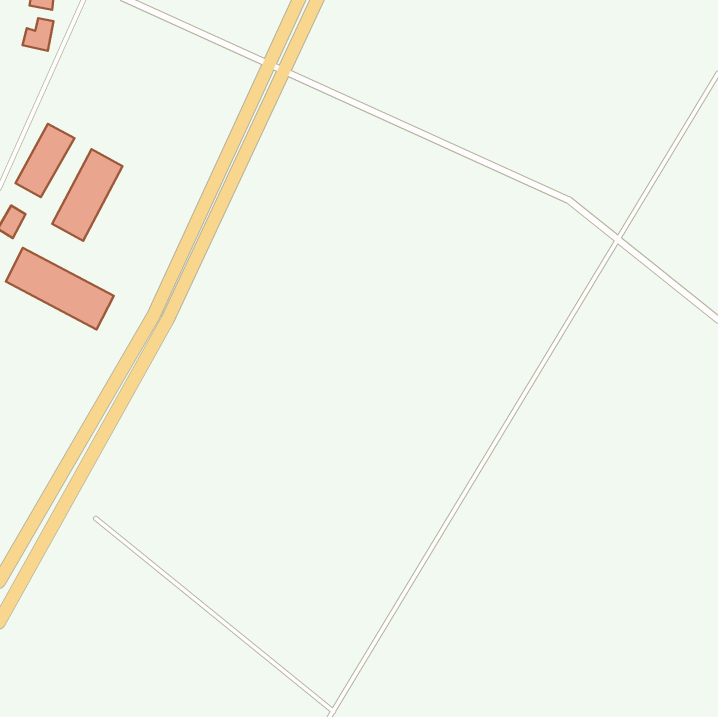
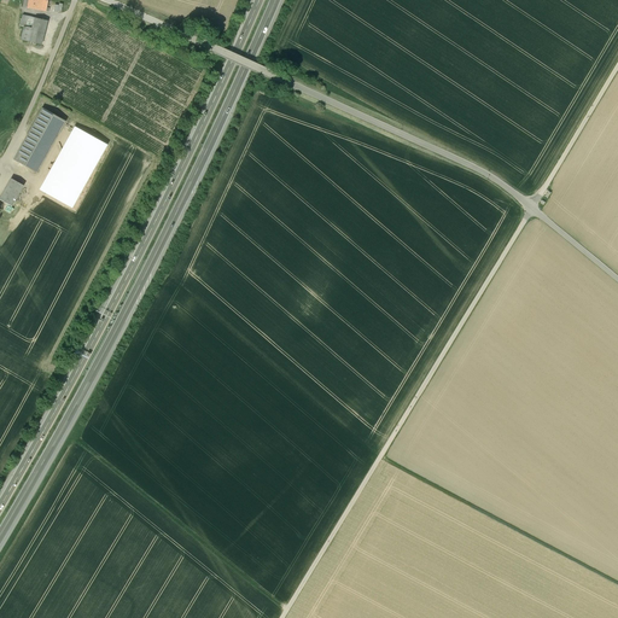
building: [6,248,114,330] -> none

